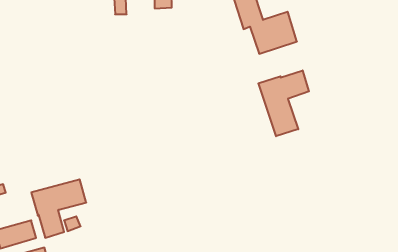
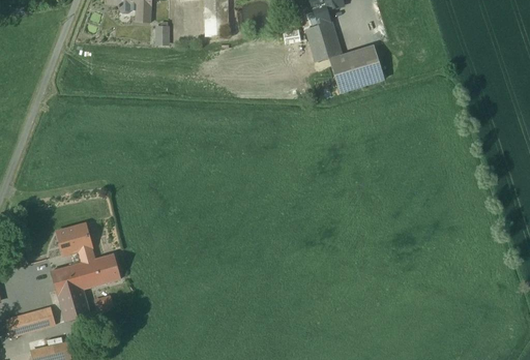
building: [258,70,309,136] -> none
building: none -> [55,220,91,256]

